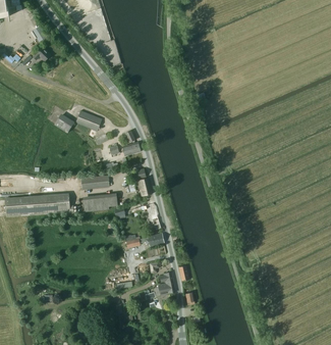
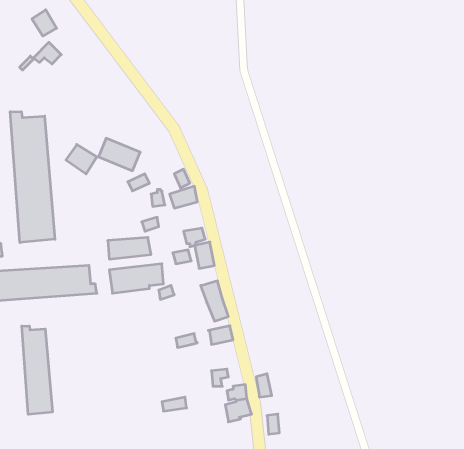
building: none -> [10,112,55,243]
building: none -> [22,326,52,414]

